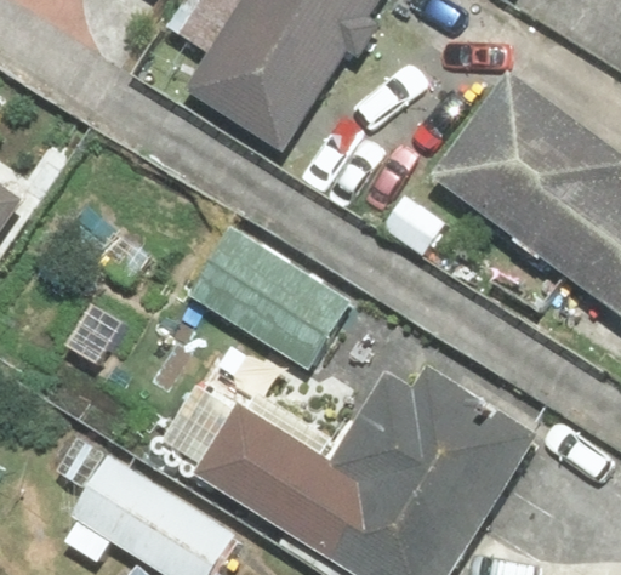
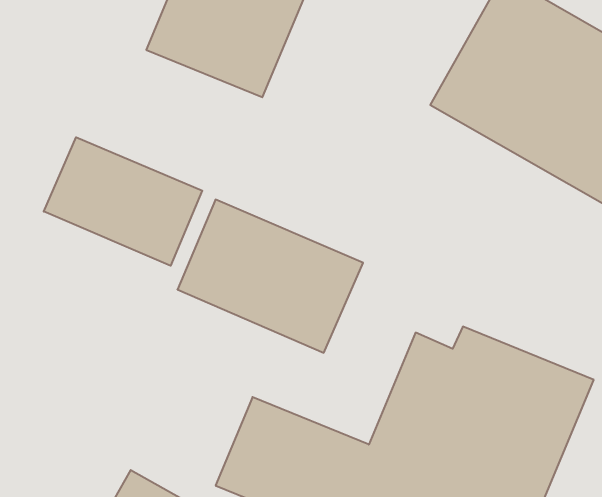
building: none -> [44,137,202,266]

